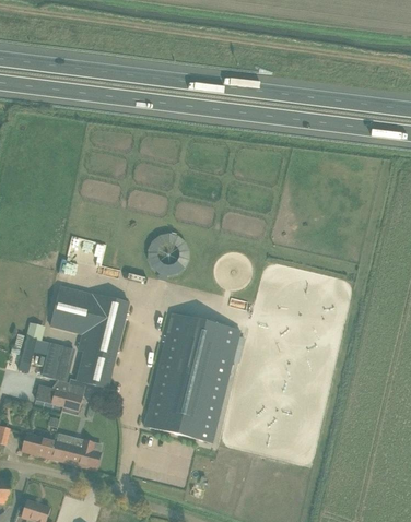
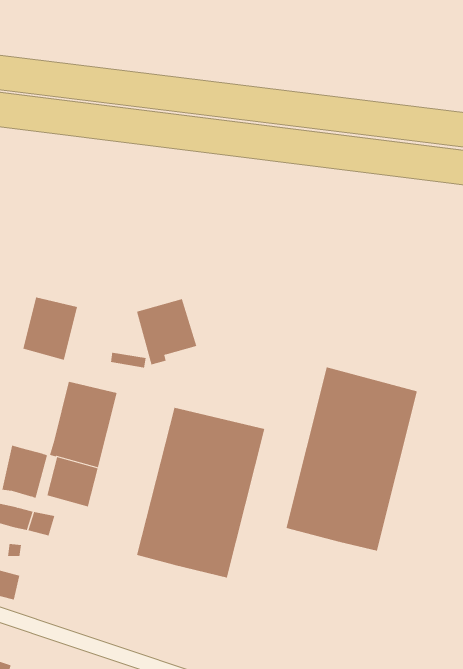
building: none -> [286,366,417,551]
building: [50,286,92,334] -> [23,297,78,361]
building: [51,440,101,471] -> none

